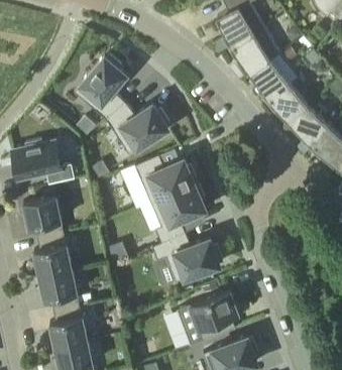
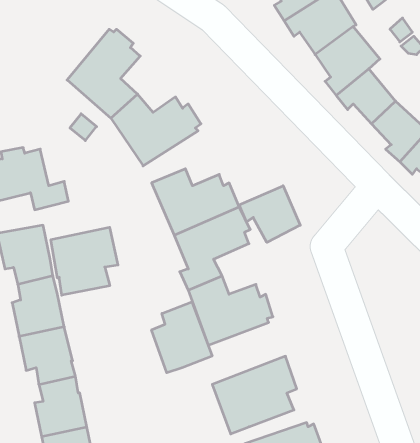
building: none -> [239,186,300,242]
building: none -> [51,227,118,295]
building: none -> [152,302,212,373]

